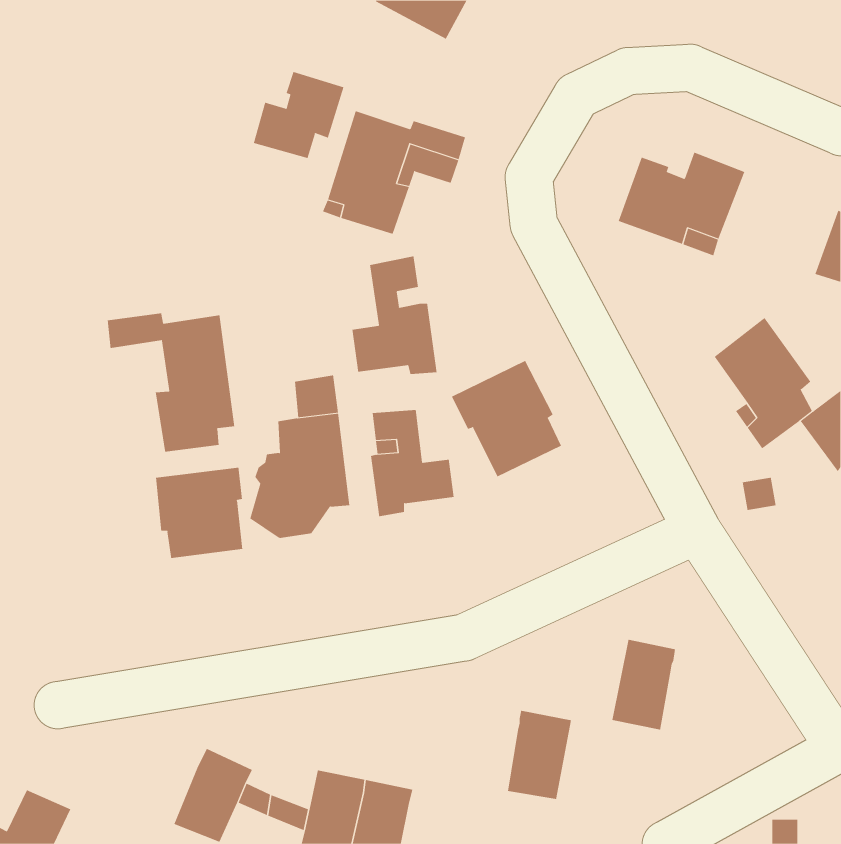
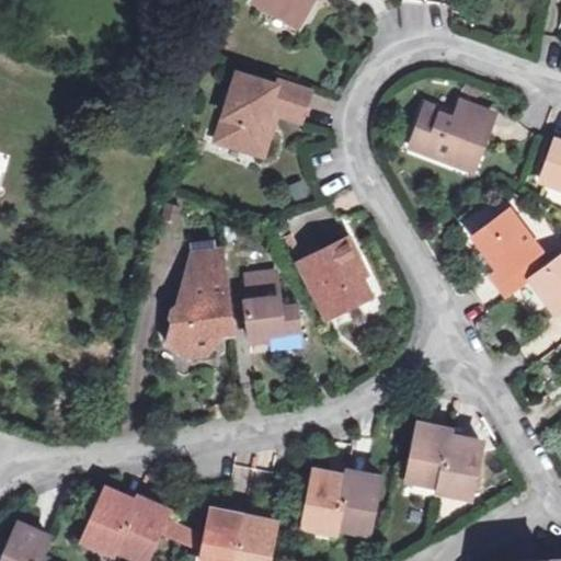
building: [253,71,344,159] -> none
building: [352,256,437,375] -> none
building: [107,313,235,453] -> none
building: [155,467,243,559] -> none
building: none -> [436,438,479,496]
building: none -> [301,469,344,528]
building: none -> [81,490,134,551]

